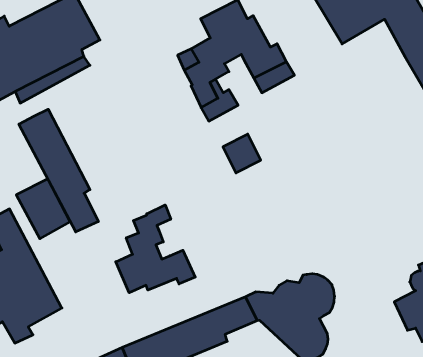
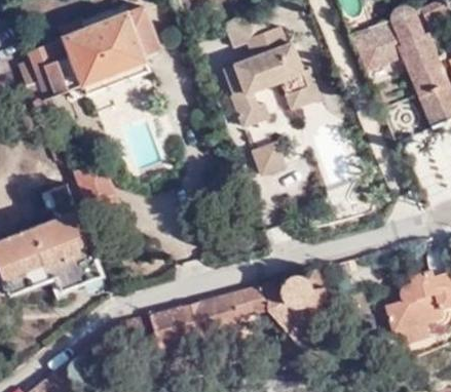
building: [19,109,98,232] -> none
building: [116,205,195,293] -> none

